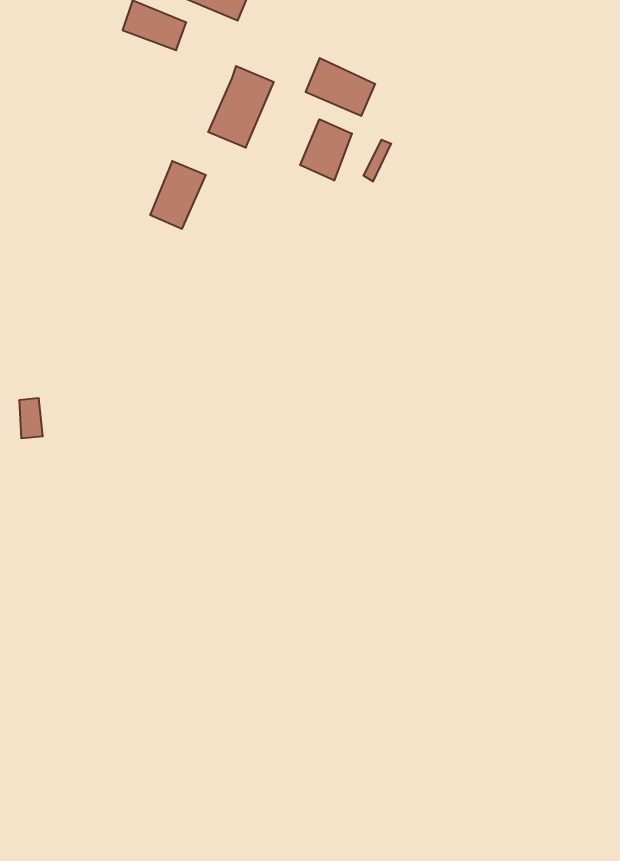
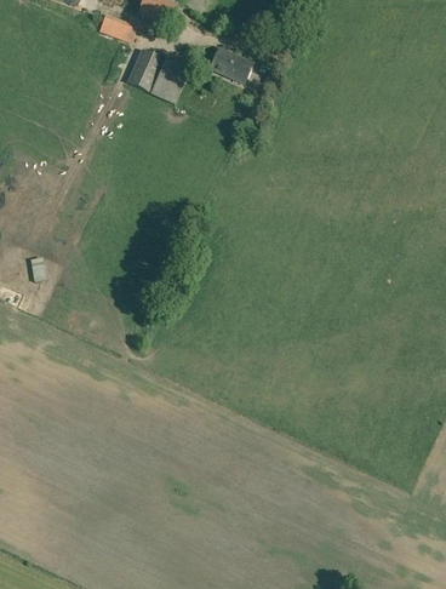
building: [300,119,352,181] -> none
building: [150,161,206,229] -> [128,50,162,91]

